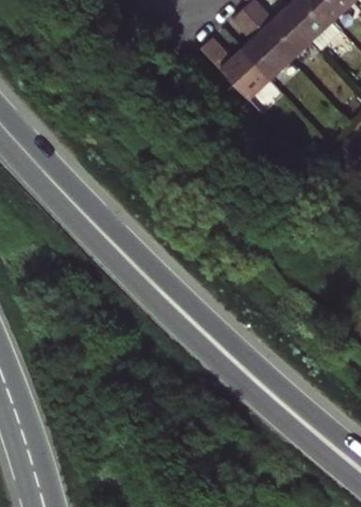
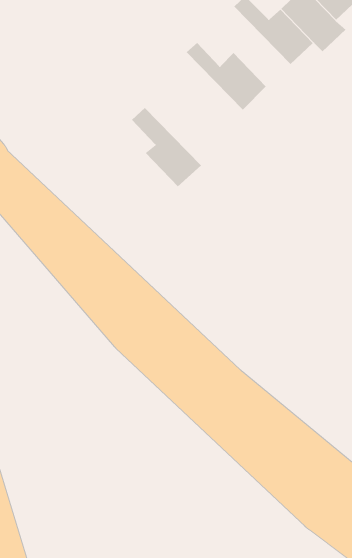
building: [230,8,292,78] -> [131,107,202,187]

